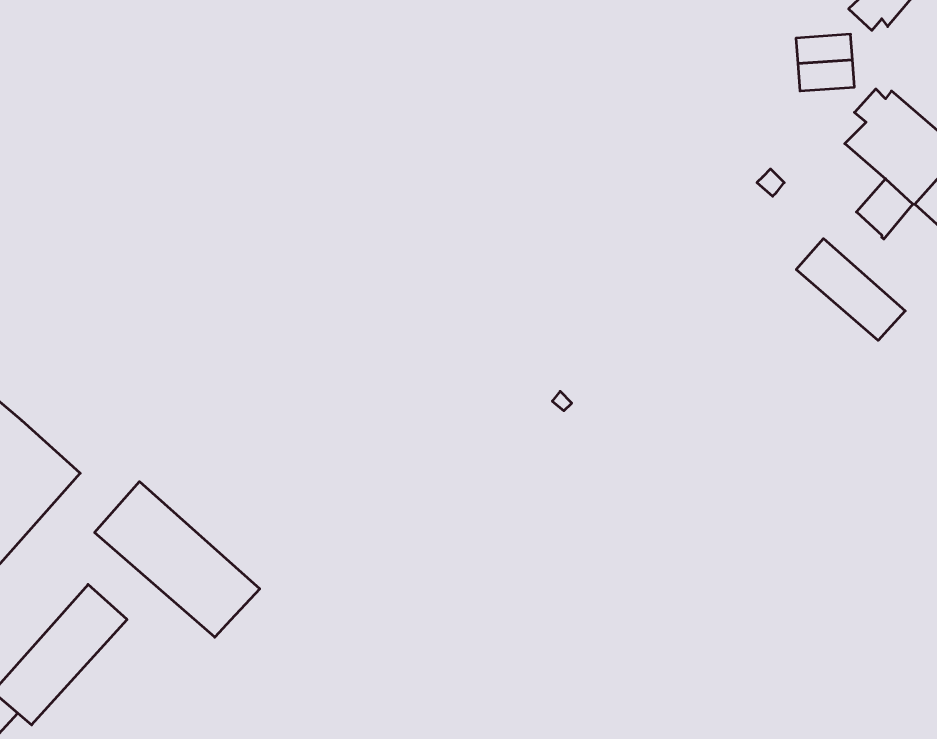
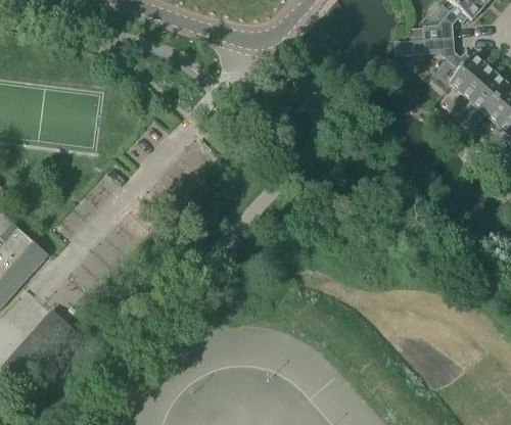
building: [796,239,905,340] -> none
building: [95,482,260,637] -> none

